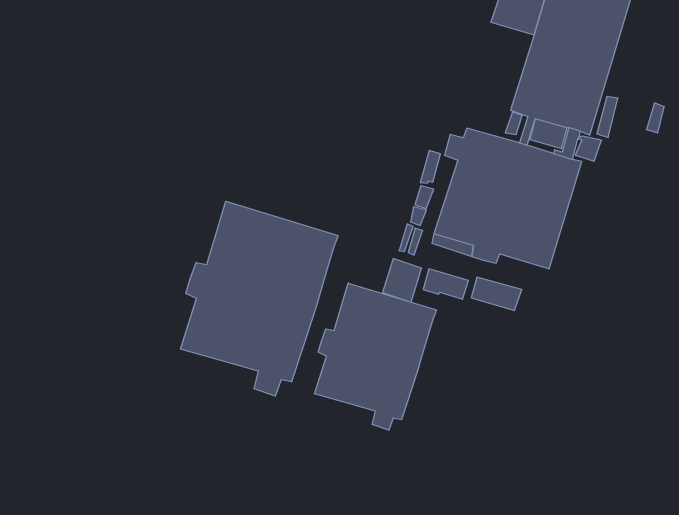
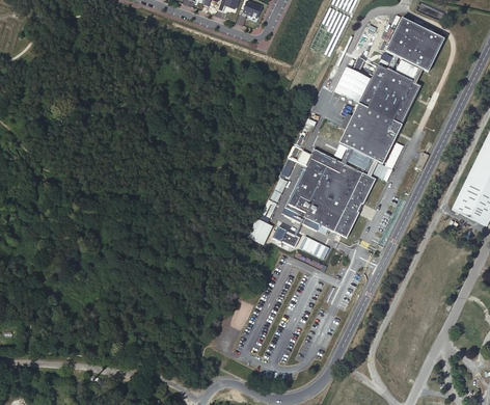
building: [180,201,338,396] -> none
building: [314,283,436,430] -> none

